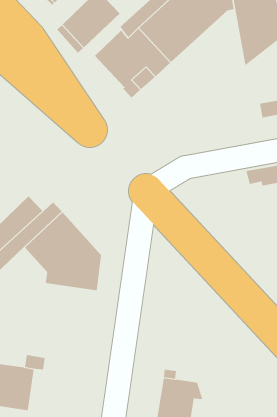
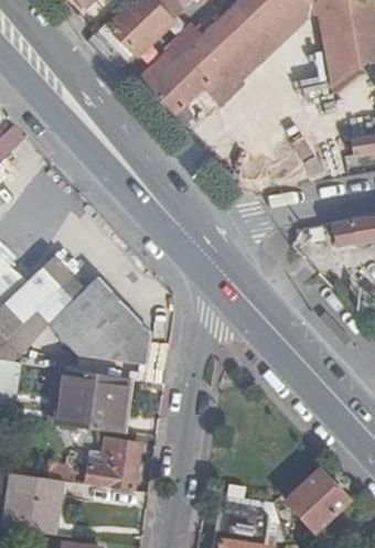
building: none -> [41,365,125,432]
building: none -> [85,439,139,491]
building: none -> [285,469,347,530]

